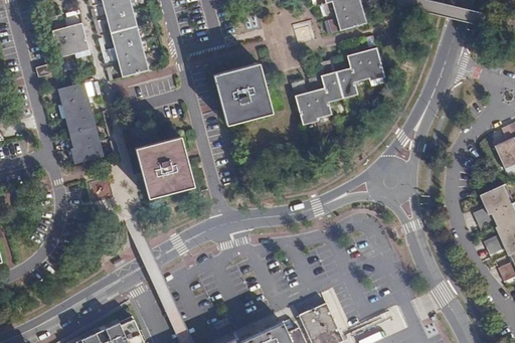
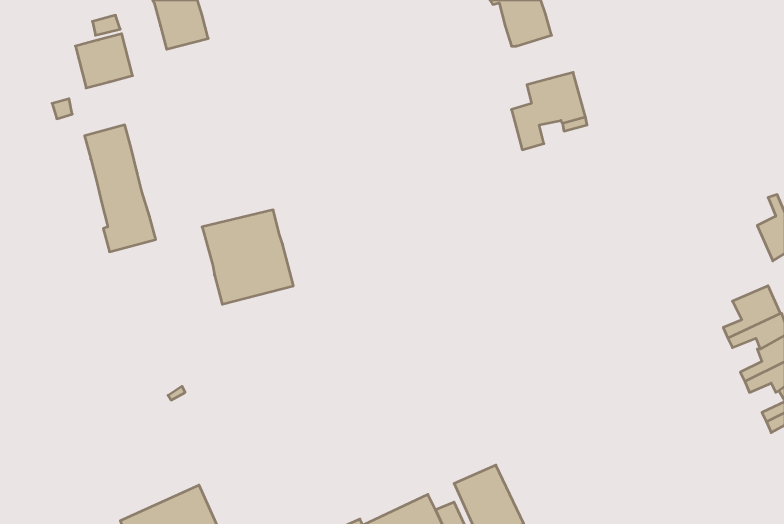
building: [112,25,151,77] -> none
building: [213,63,272,124] -> none
building: [295,71,343,125] -> none

